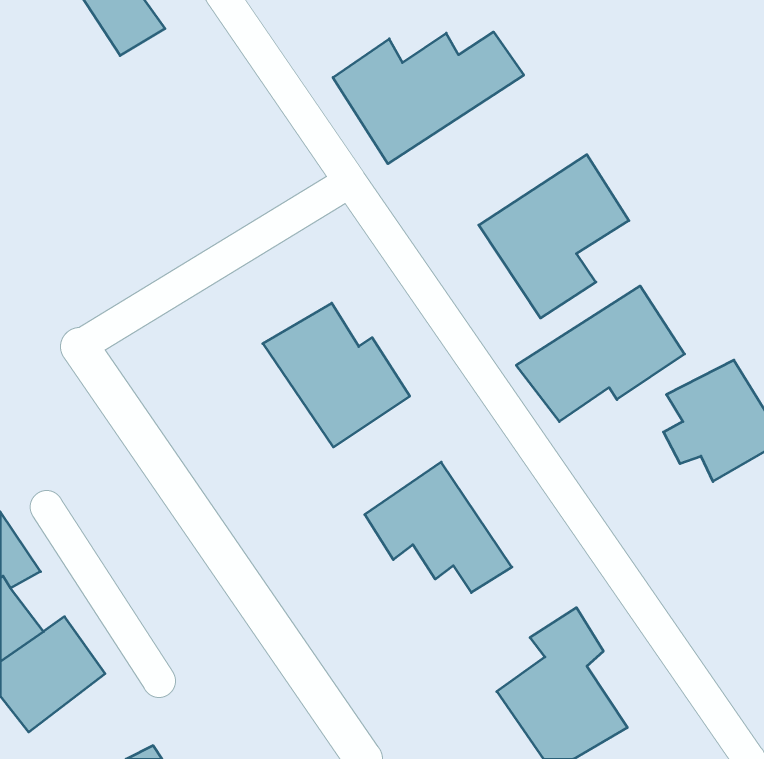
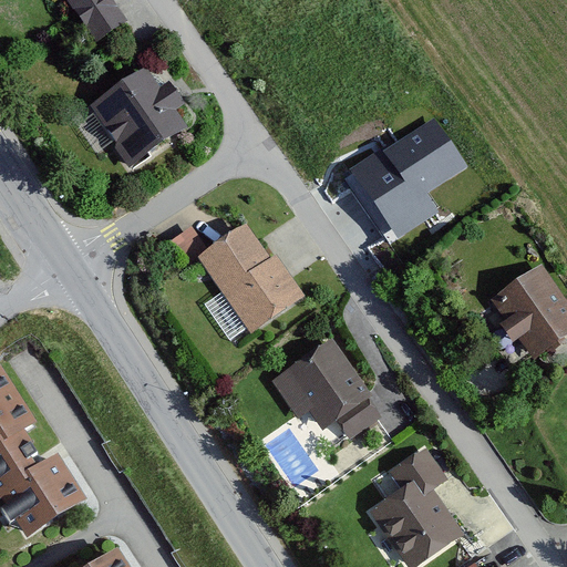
building: [333,32,524,164] -> none
building: none -> [91,69,181,161]
building: [516,286,685,422] -> none

